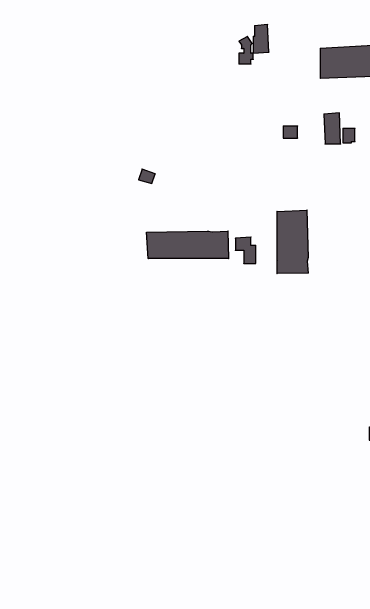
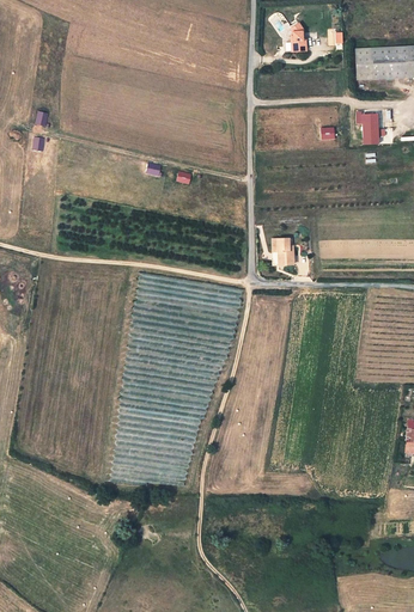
building: [277,210,308,274] -> none
building: [147,231,229,259] -> none

